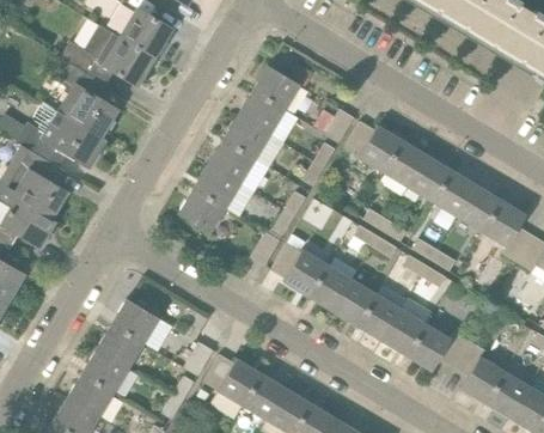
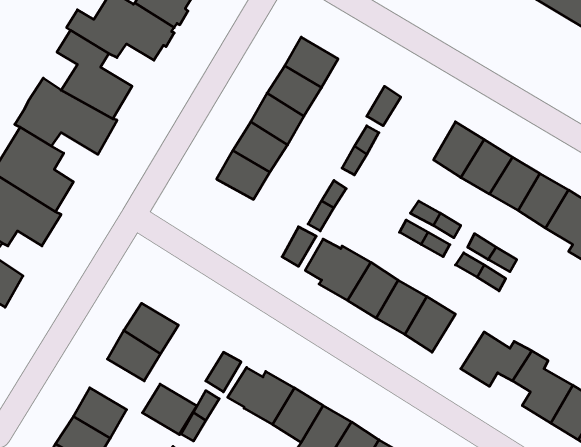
building: [344,122,403,173] -> none
building: [178,190,226,234] -> none
building: [383,309,428,356] -> none
building: [82,348,130,392] -> [142,384,197,435]

